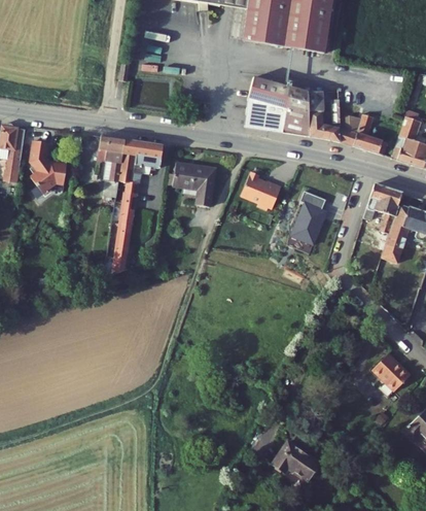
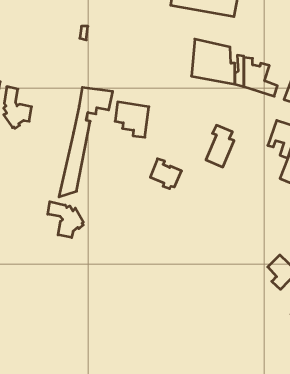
building: [243,72,276,127] -> none
building: [104,138,132,199] -> none
building: [241,170,281,208] -> [150,159,182,189]
building: none -> [48,202,83,238]
building: [264,445,313,485] -> none

